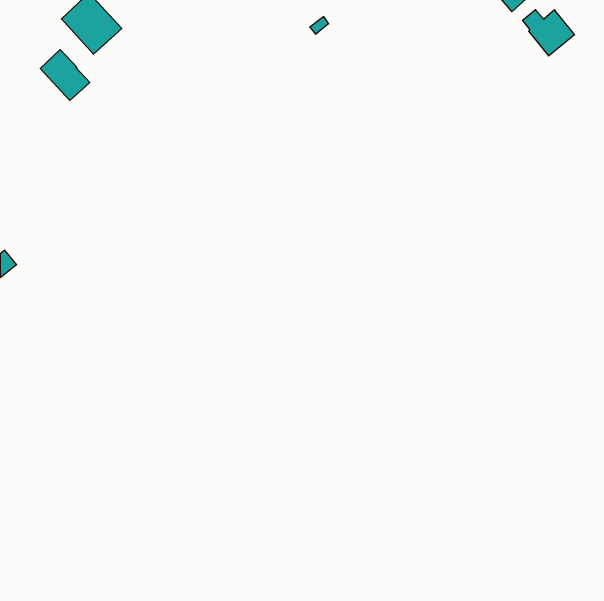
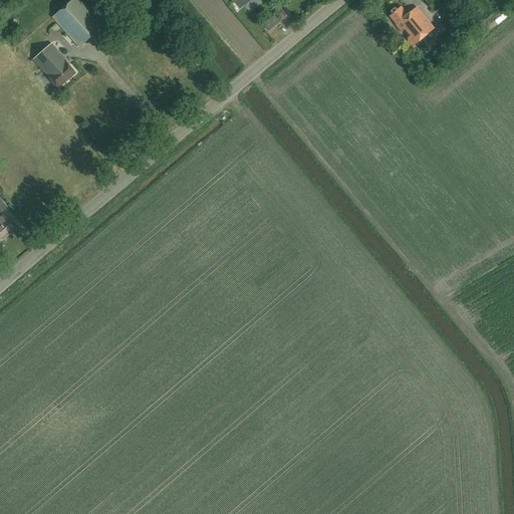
building: [523,10,575,56] -> [390,5,434,44]

